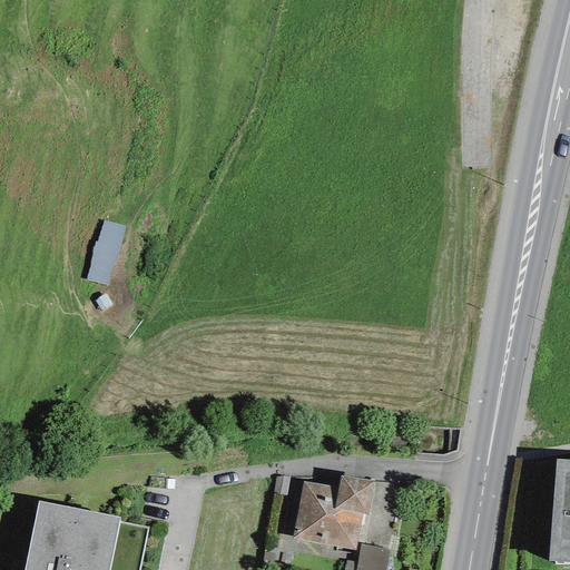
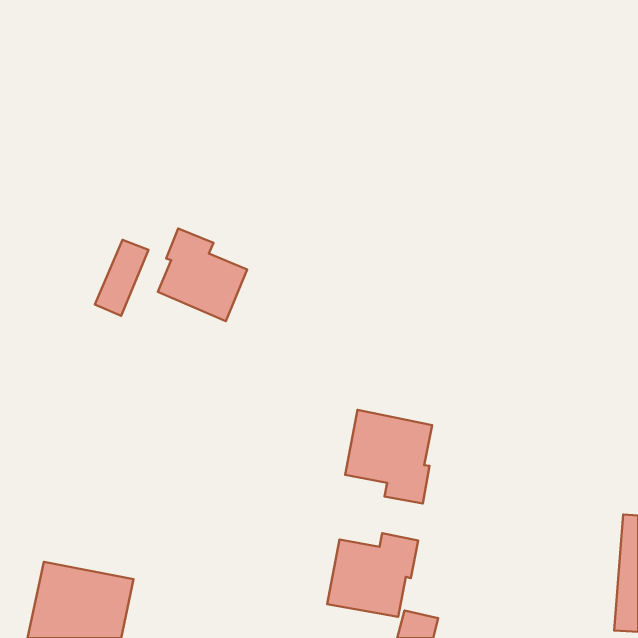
building: none -> [158,229,247,321]
building: none -> [345,410,432,503]

